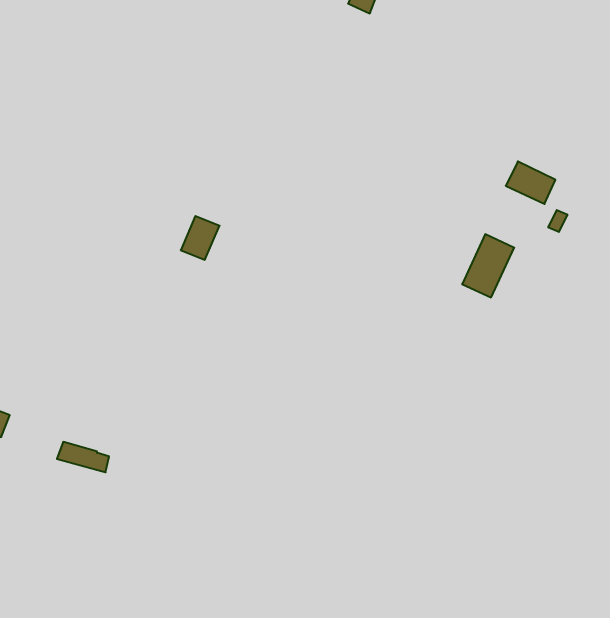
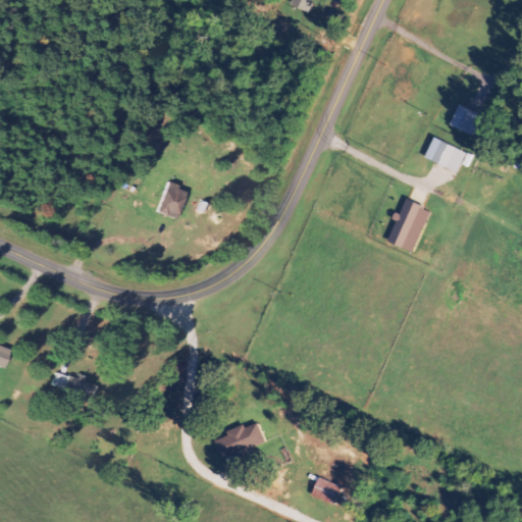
building: none -> [452,103,481,133]
building: none -> [214,421,266,458]
building: none -> [312,476,341,503]

